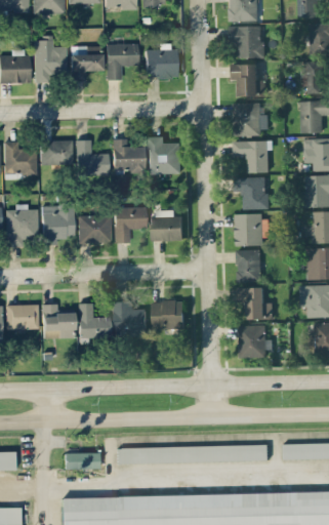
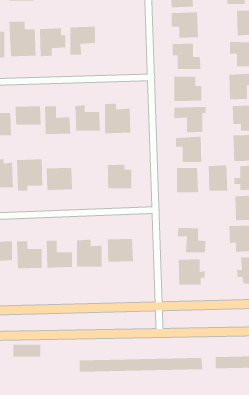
building: [146,45,177,78] -> none
building: [114,206,147,243] -> none
building: [237,249,261,282] -> [208,165,228,192]
building: [65,452,99,469] -> [12,344,41,357]

